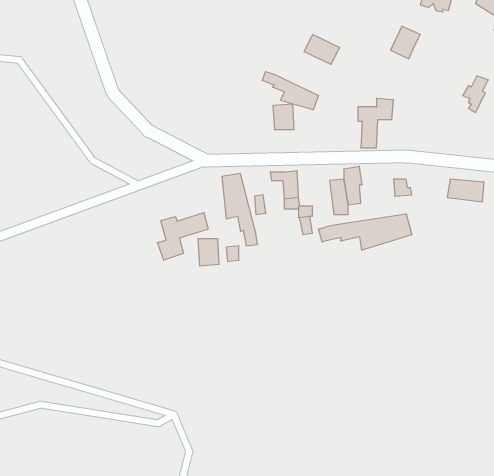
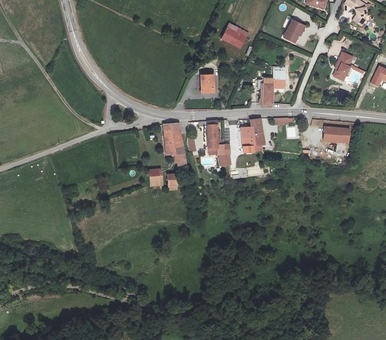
building: [262,72,318,110] -> none
building: [157,212,208,260] -> none
building: [318,214,412,250] -> none

